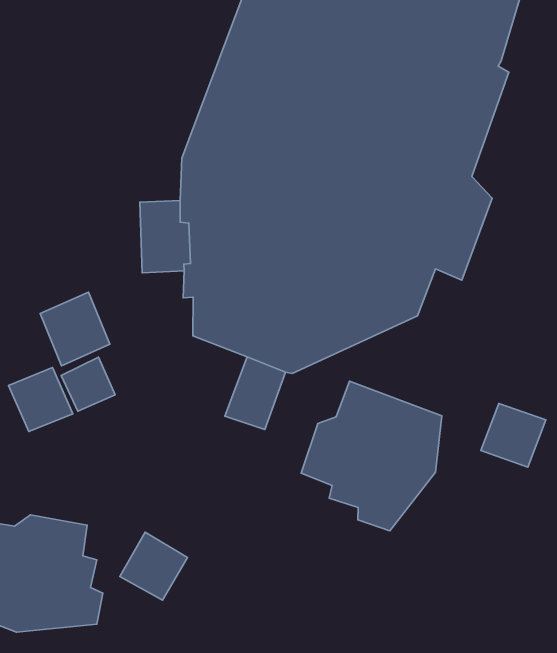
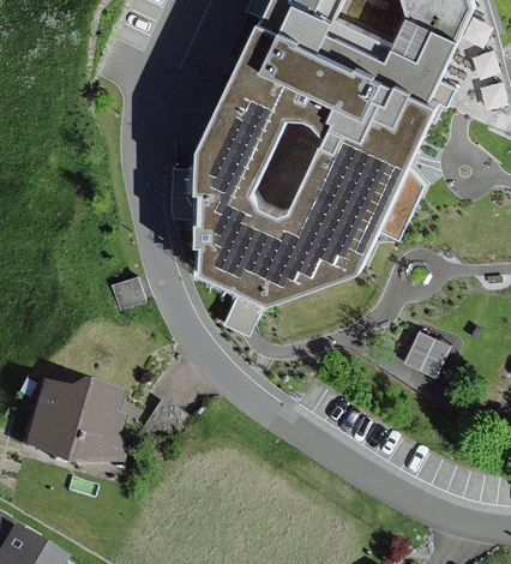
building: [40,292,110,366] -> none
building: [8,368,73,432] -> none
building: [301,381,442,531] -> none

